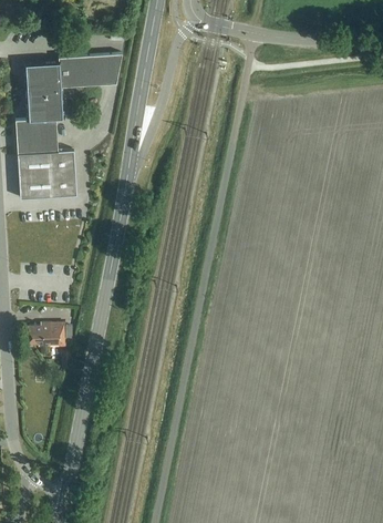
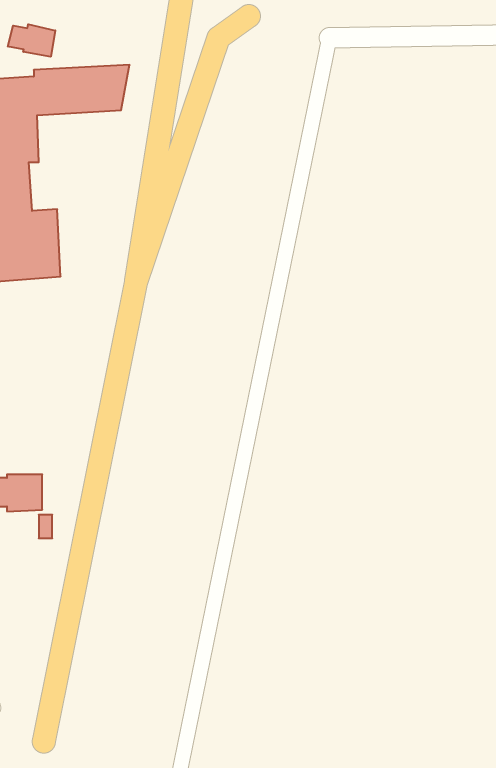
building: none -> [8,24,55,57]

